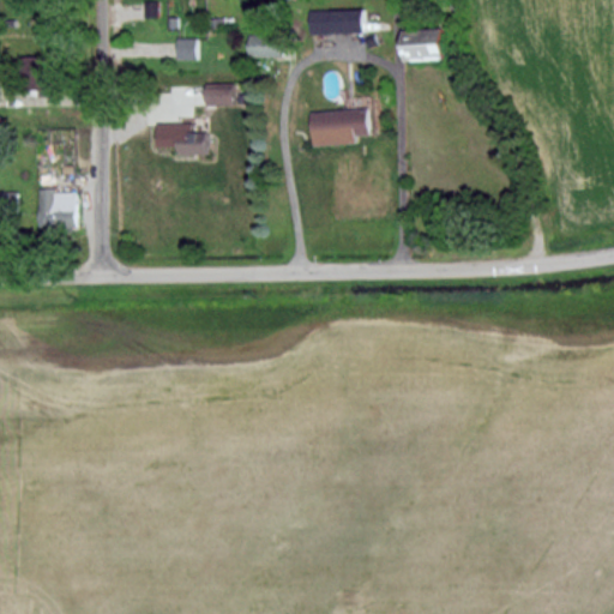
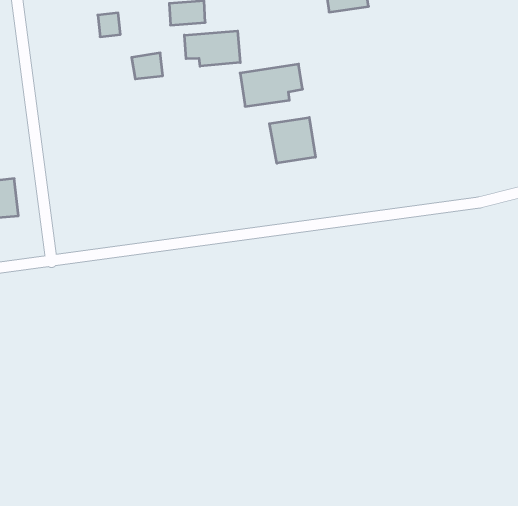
building: none -> [184,31,240,66]
building: [155,124,206,155] -> none
building: none -> [269,117,315,163]

